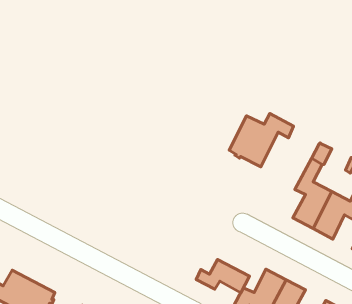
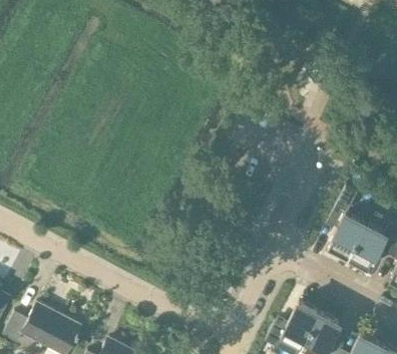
building: [229,114,294,167] -> none
building: [196,259,249,293] -> none

